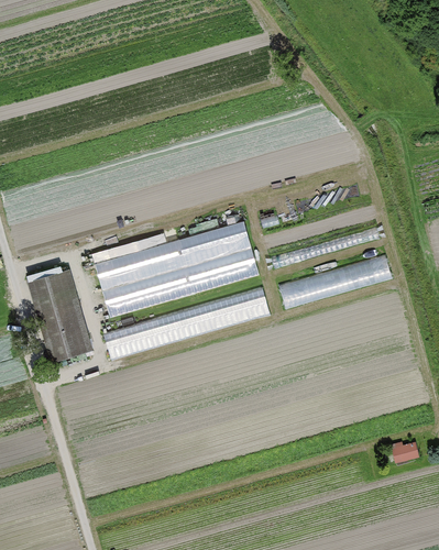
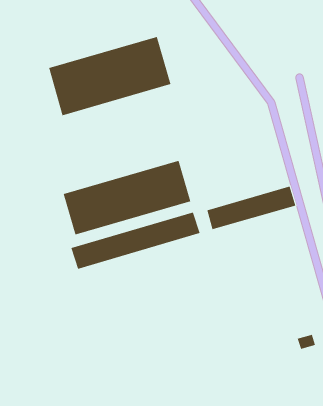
building: none -> [48,36,171,116]
building: [31,270,91,360] -> none

